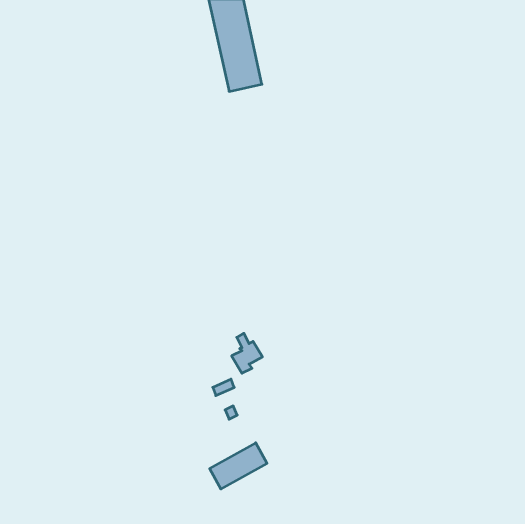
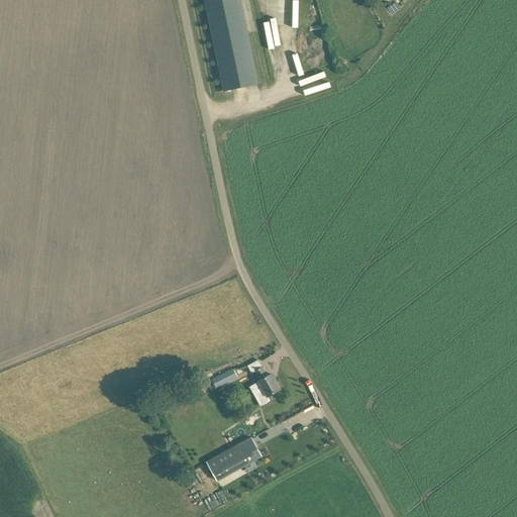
building: [232,333,262,373] -> [250,366,281,405]

